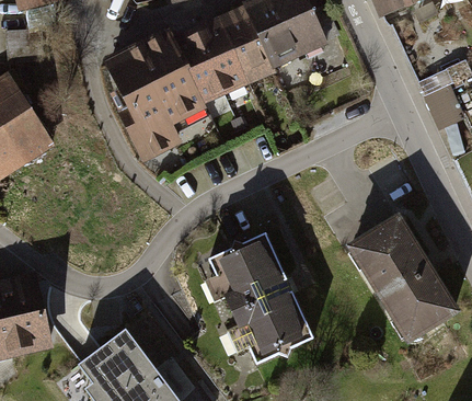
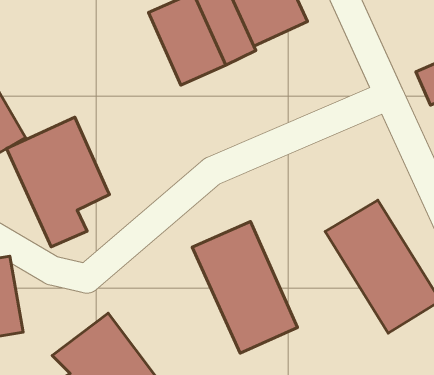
building: [104,32,205,159] -> [7,117,109,247]

